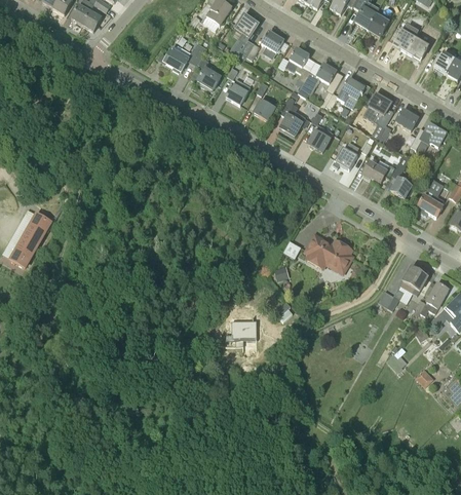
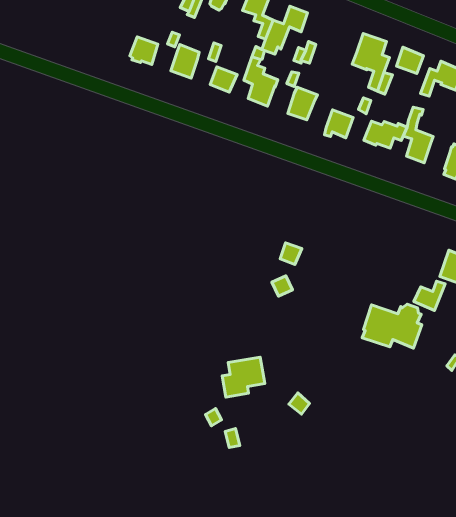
building: [164,41,205,71] -> none
building: [340,77,364,109] -> none
building: [304,234,351,272] -> [362,304,422,348]

